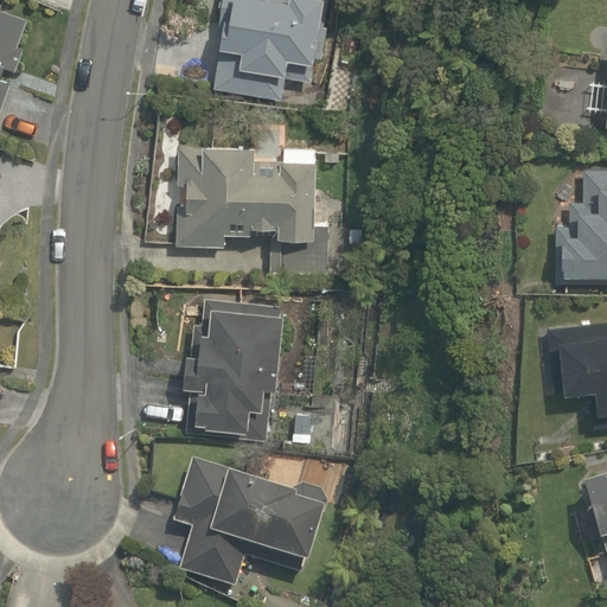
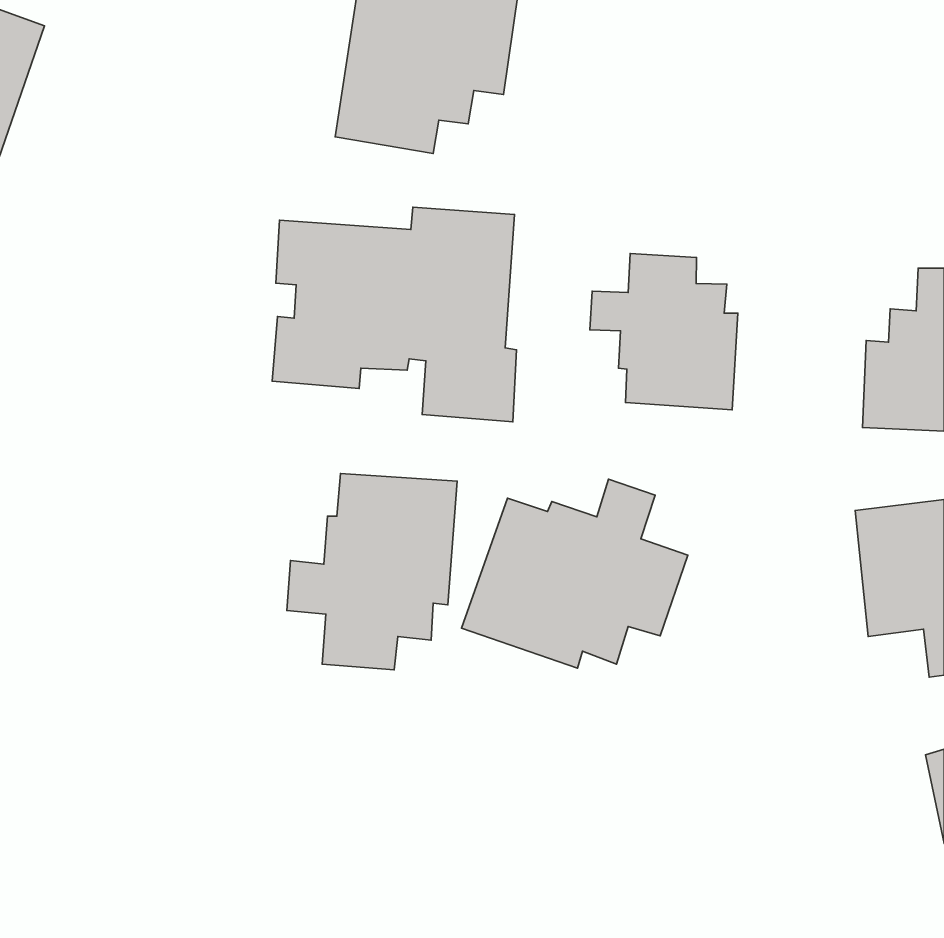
building: none -> [590,254,738,410]
building: none -> [461,479,688,668]
building: [172,458,334,587] -> none

